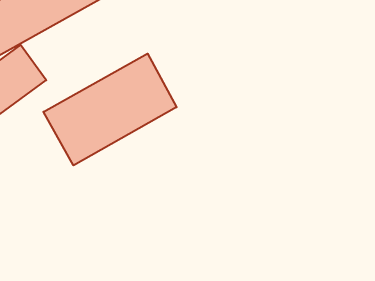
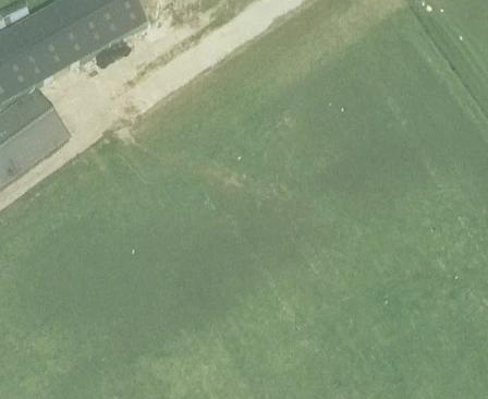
building: [43,54,177,165] -> none

